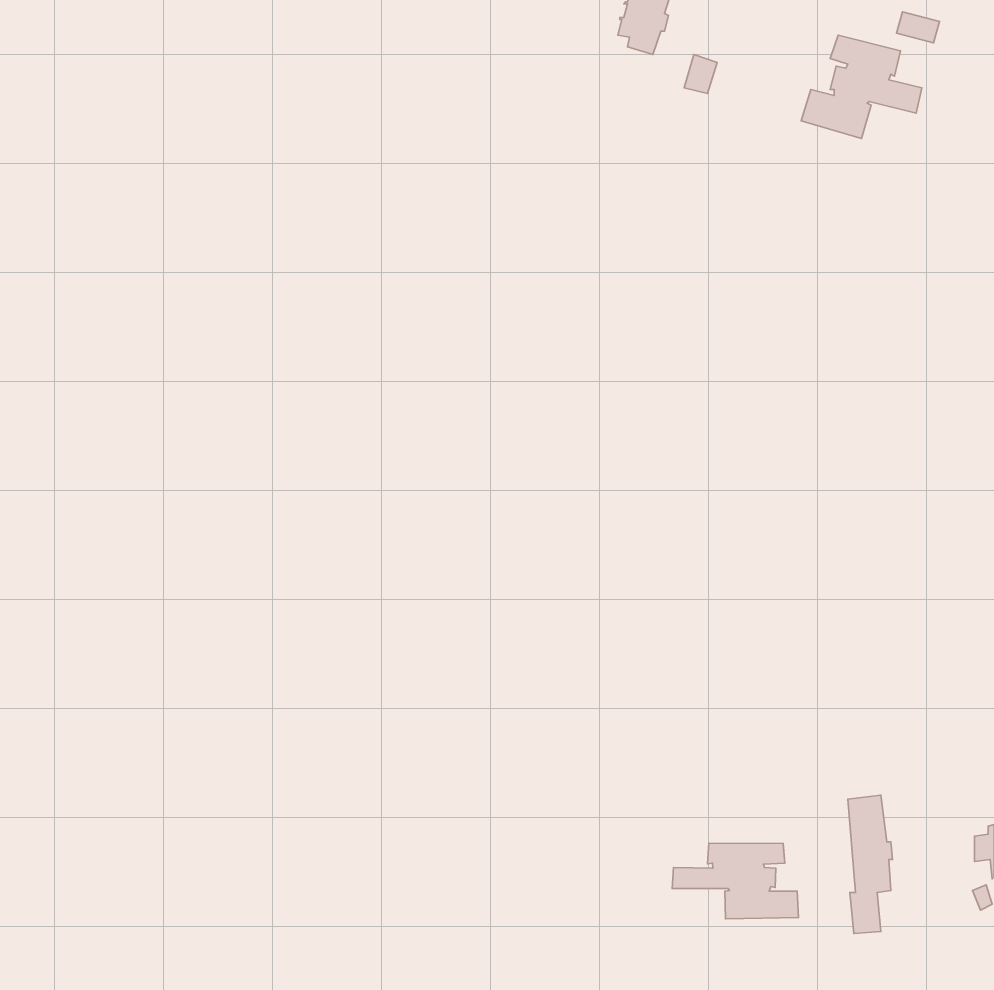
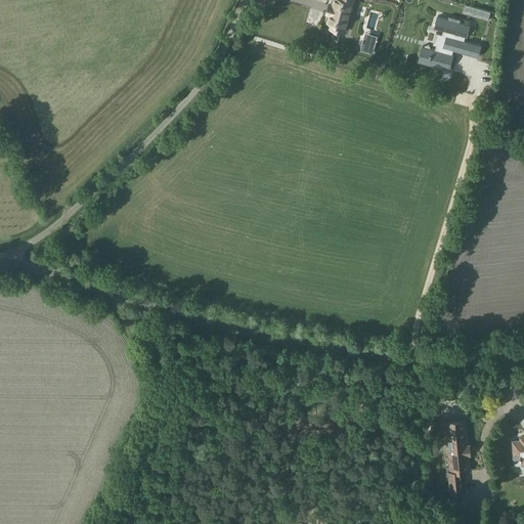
building: [672,843,798,919] -> none

